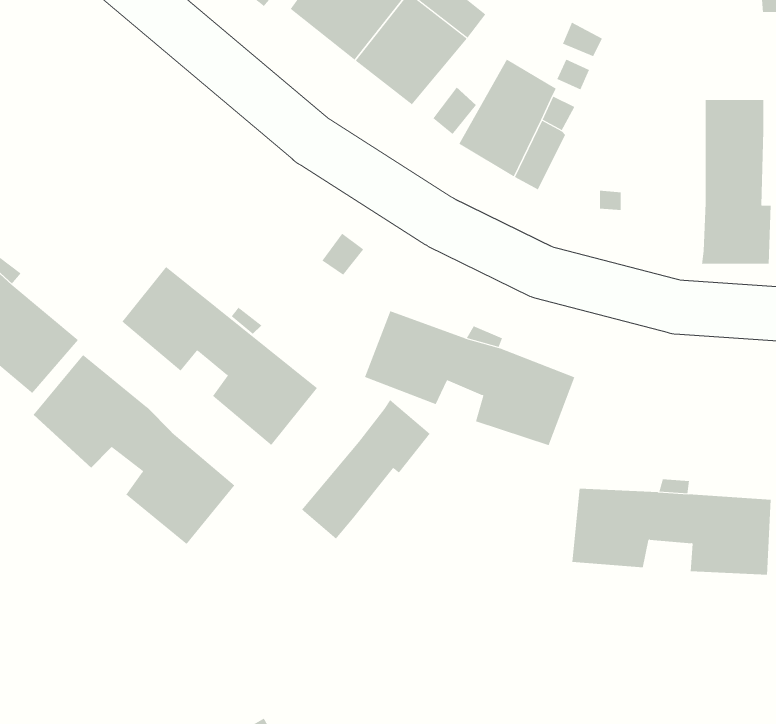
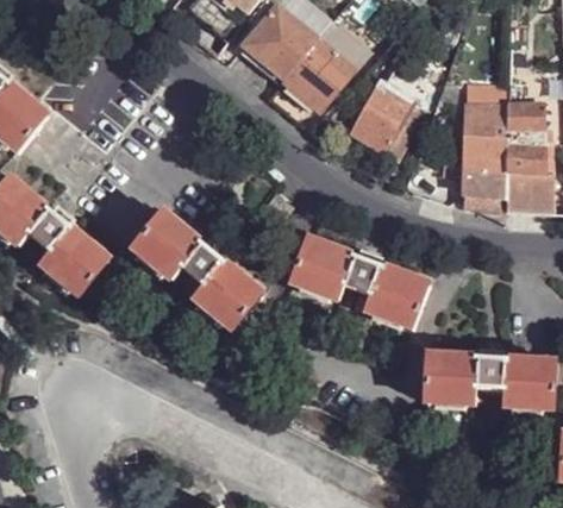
building: none -> [463,104,506,202]
building: [33,354,235,545] -> none
building: [301,399,430,539] -> none

